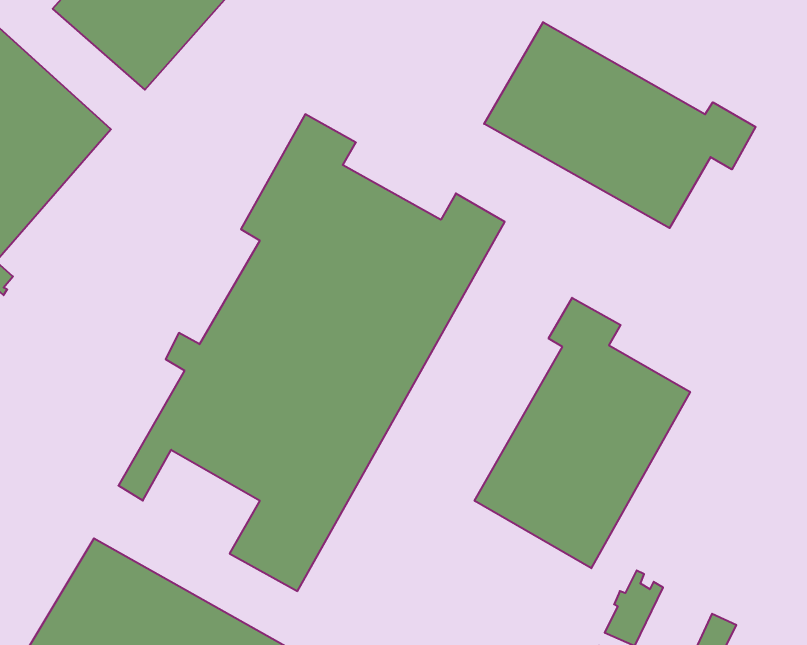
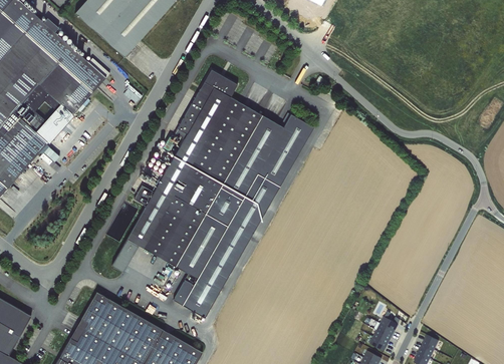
building: [484,22,756,228] -> none
building: [475,298,690,568] -> none

